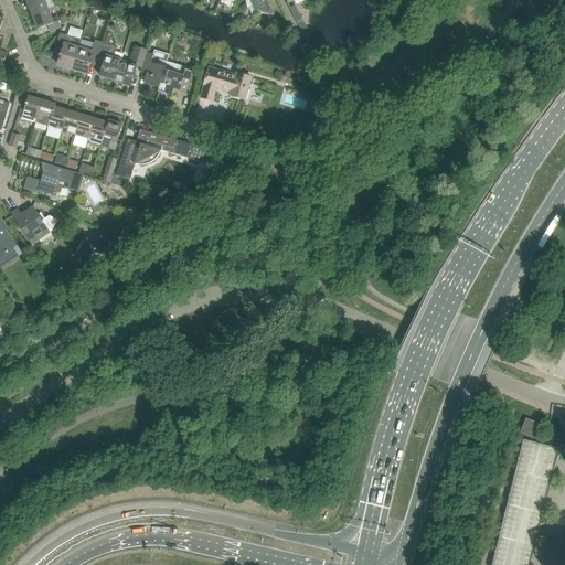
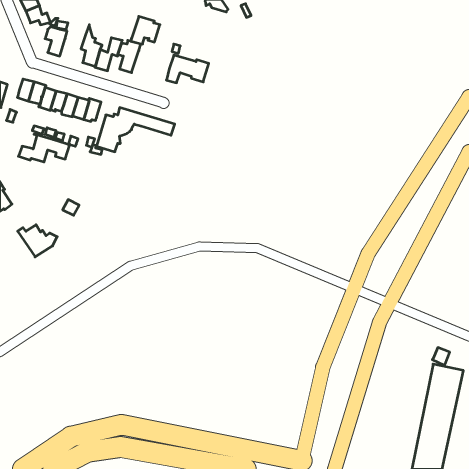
building: [72,40,103,72] -> none
building: [157,61,192,94] -> [131,16,160,44]
building: [10,204,57,243] -> [18,225,57,257]

